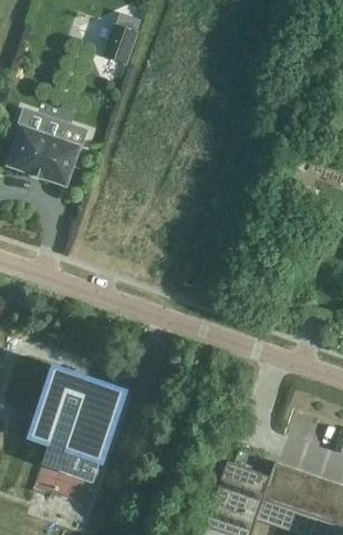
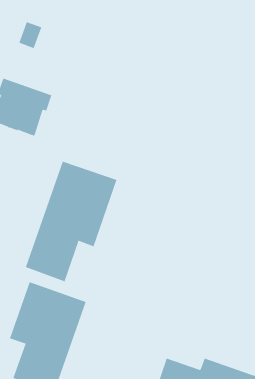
building: [104,23,134,59] -> [18,21,42,49]
building: none -> [25,161,117,282]

